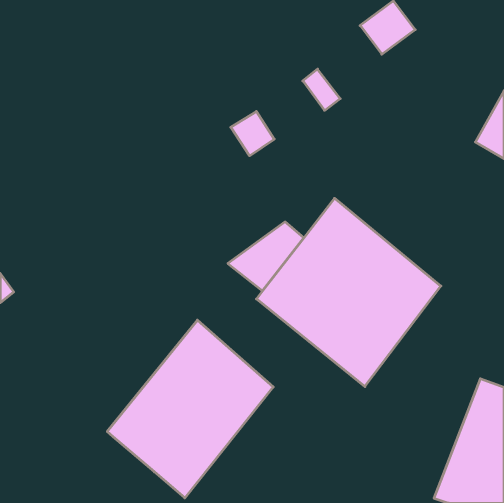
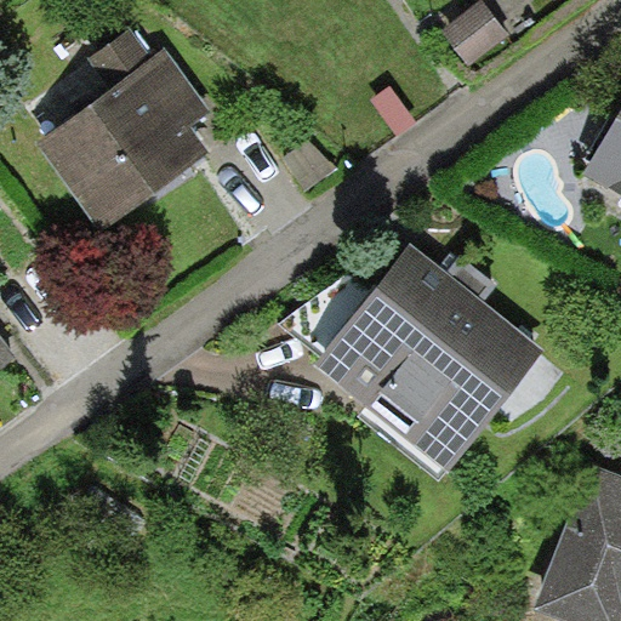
building: none -> [39,29,212,233]
building: [107,320,273,498] -> none

